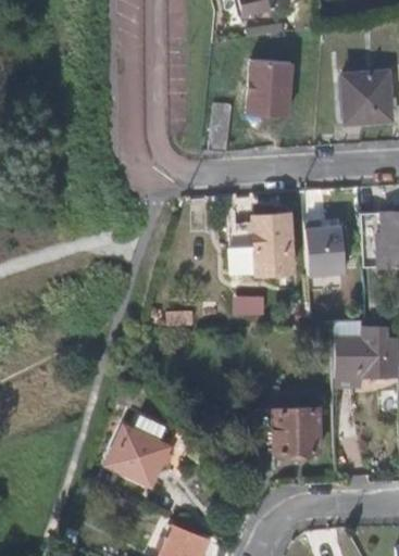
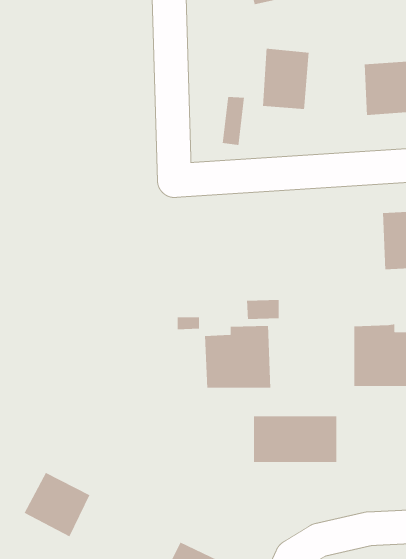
building: [229,217,292,277] -> [204,325,271,388]
building: [307,223,346,277] -> none
building: [109,422,172,484] -> [24,472,91,537]

